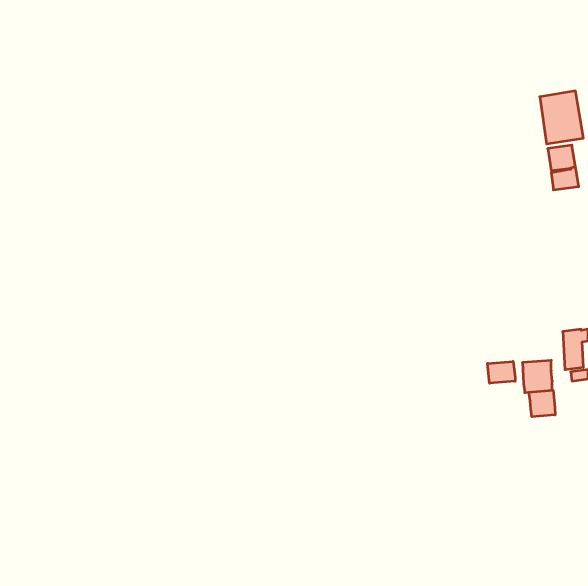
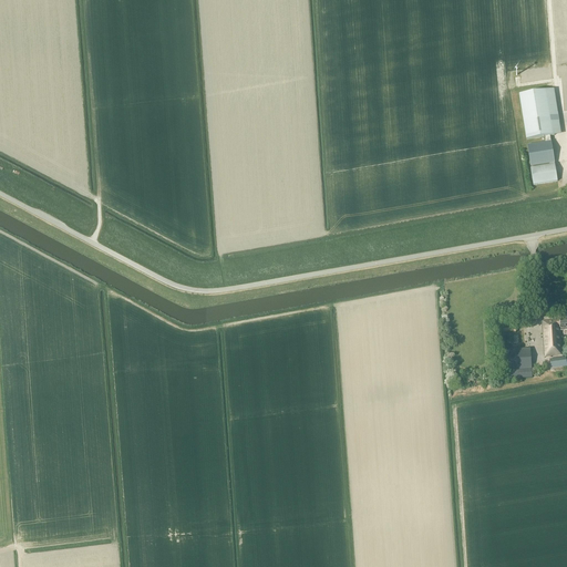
building: [488,361,515,383] -> none
building: [529,390,555,417] -> none

